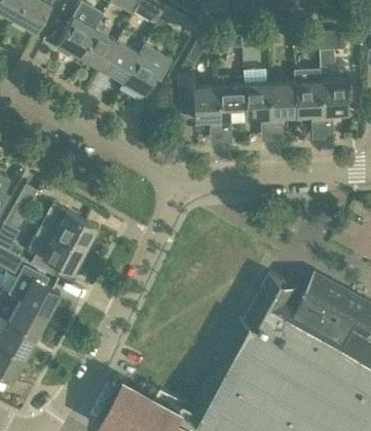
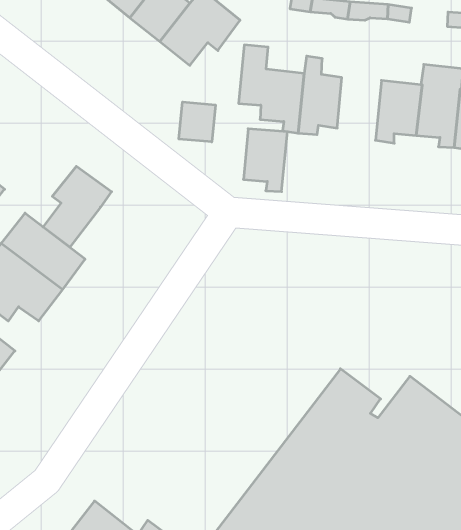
building: [243,84,270,124] -> [243,129,288,192]
building: none -> [179,102,215,142]
building: none -> [43,166,112,247]

